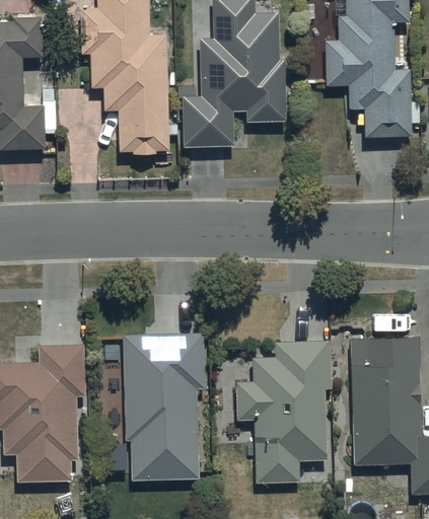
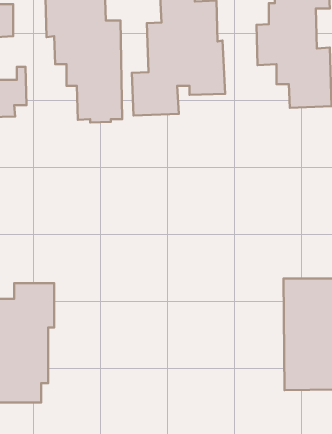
building: [125,332,207,481] -> none
building: [238,340,335,479] -> none

